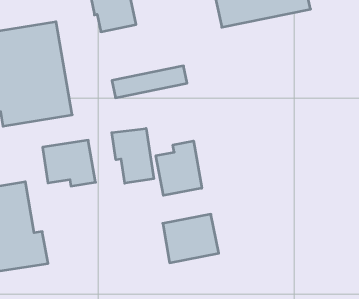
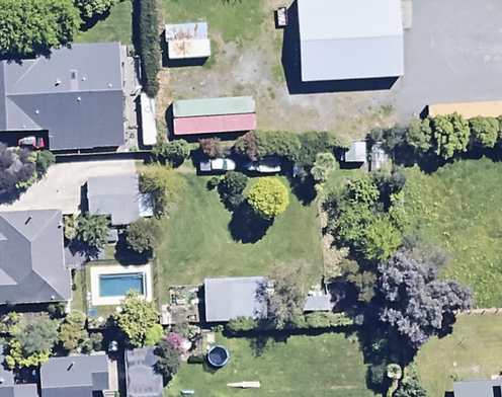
building: [112,128,154,183] -> none
building: [156,141,202,195] -> none

